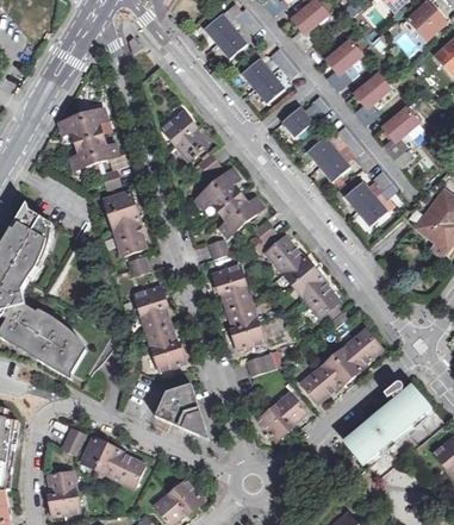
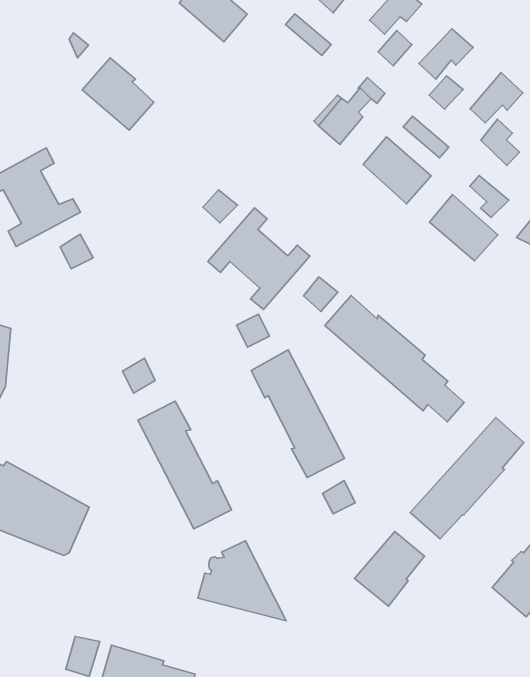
building: [241,58,284,104] -> none
building: [161,111,206,160] -> [82,58,154,130]
building: [104,190,145,255] -> none

